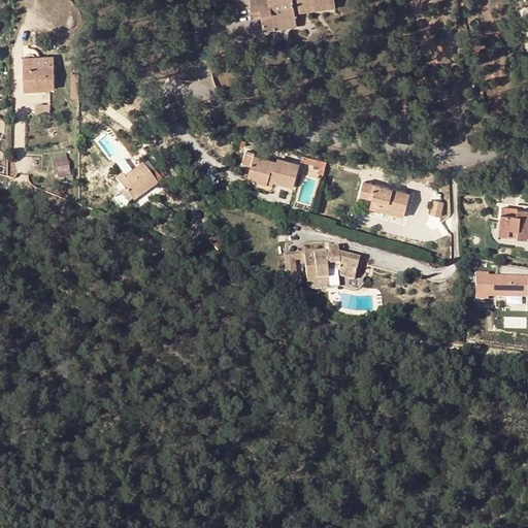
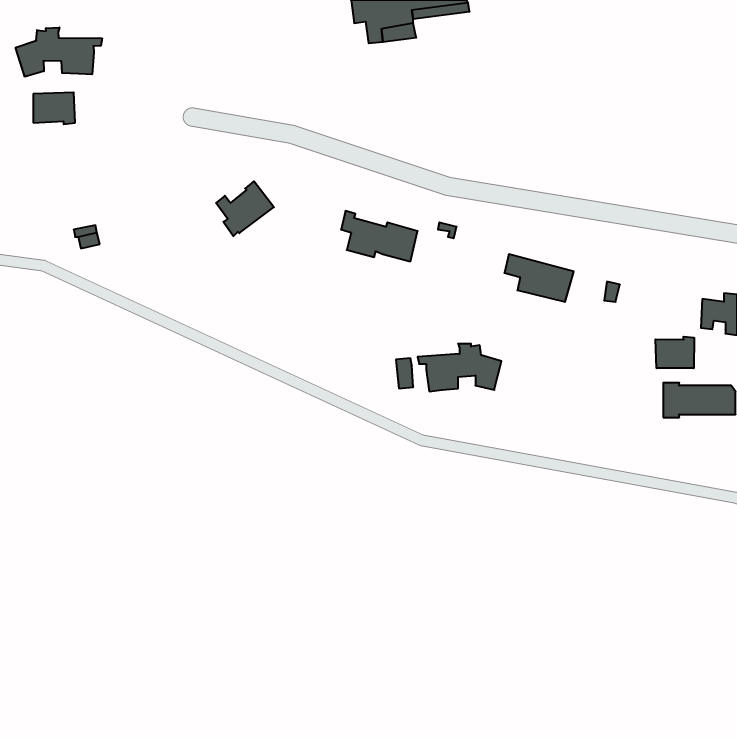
building: none -> [16,27,102,77]
building: [116,163,157,202] -> [216,181,274,236]
building: none -> [656,337,694,368]

